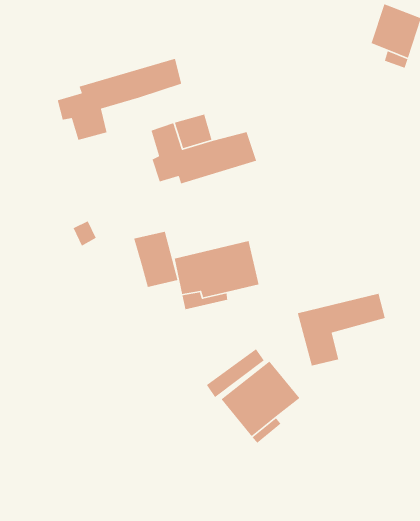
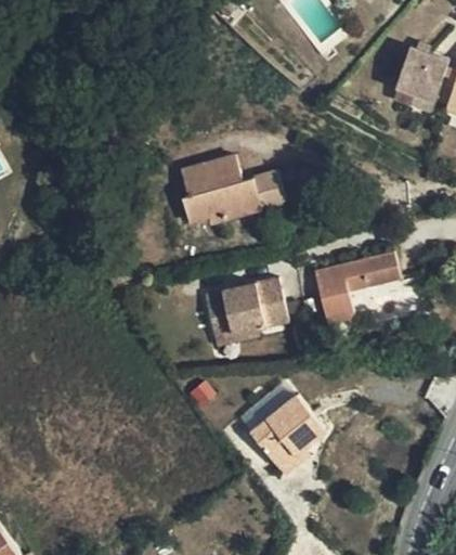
building: [57,58,182,141] -> none
building: [133,231,178,288] -> none
building: [297,293,386,366] -> [313,253,400,324]

